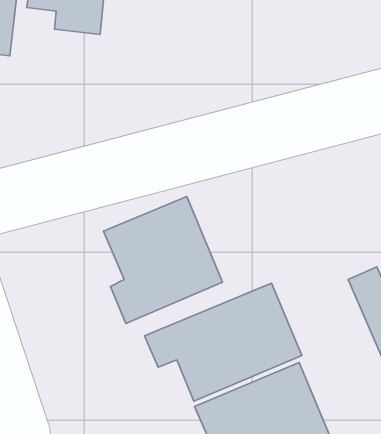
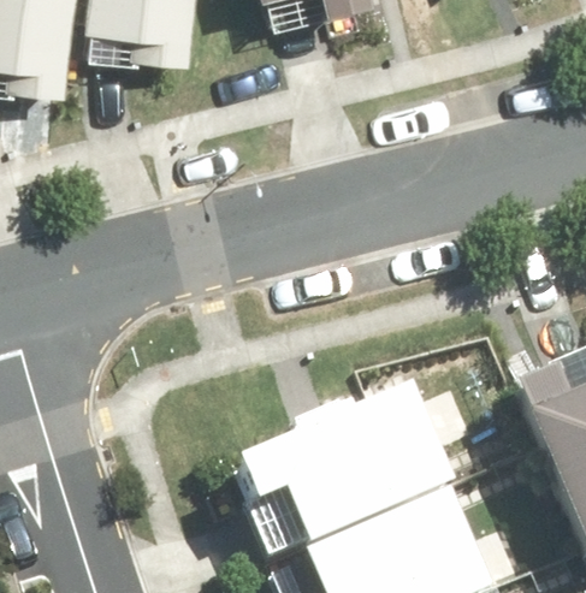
building: [104,196,223,324] -> none

